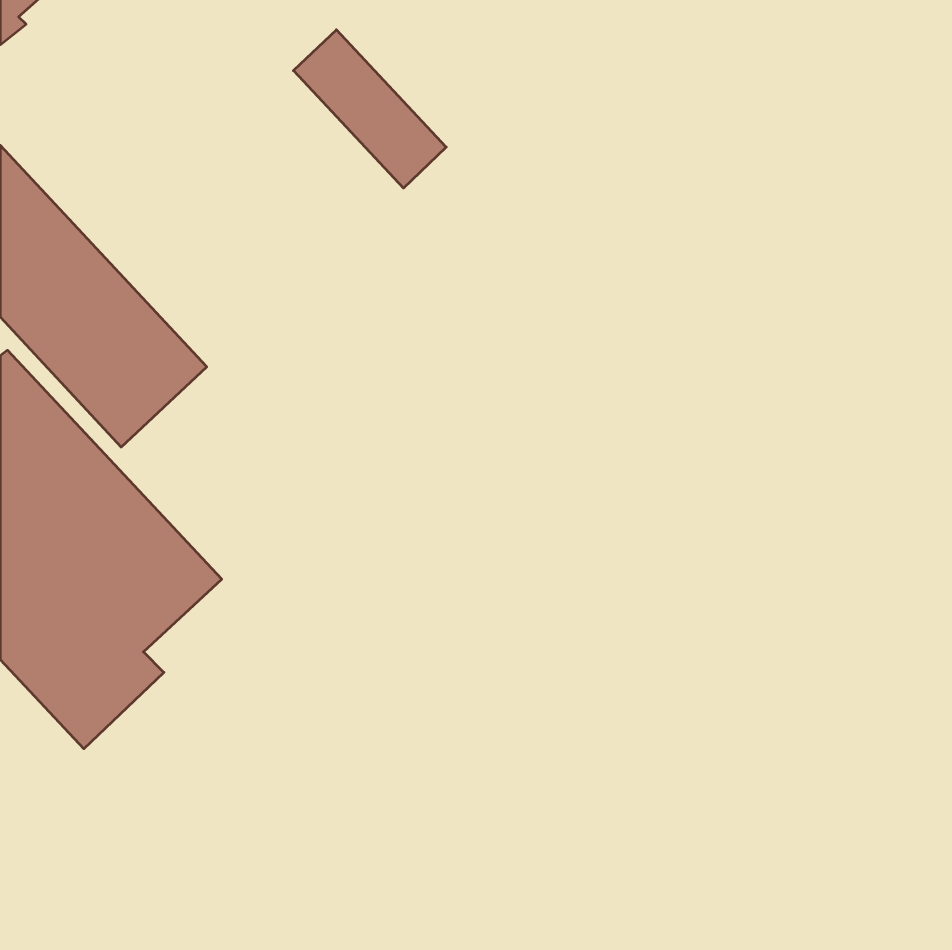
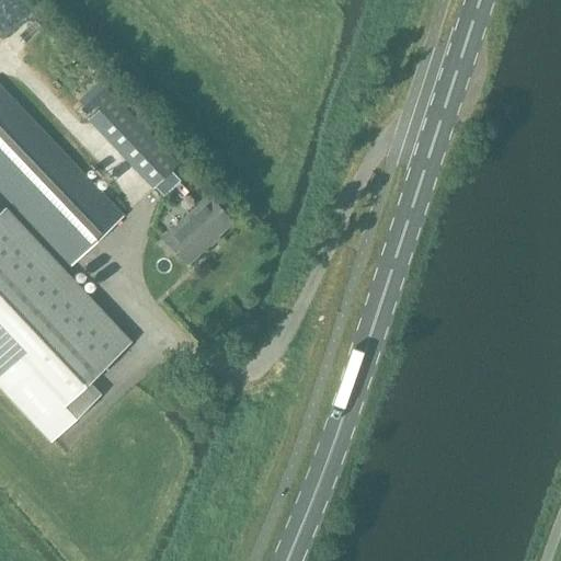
building: [293,30,446,188] -> [88,94,178,187]
building: none -> [163,196,231,263]

